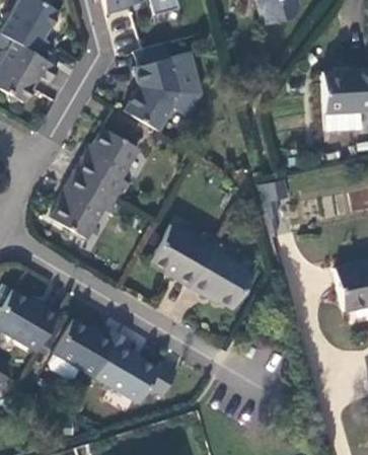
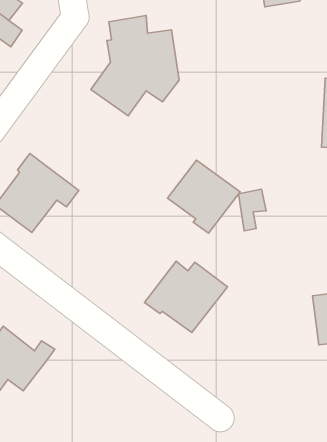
building: [77,129,140,198] -> none
building: [151,226,213,288] -> [168,160,240,233]
building: [93,336,174,401] -> none

